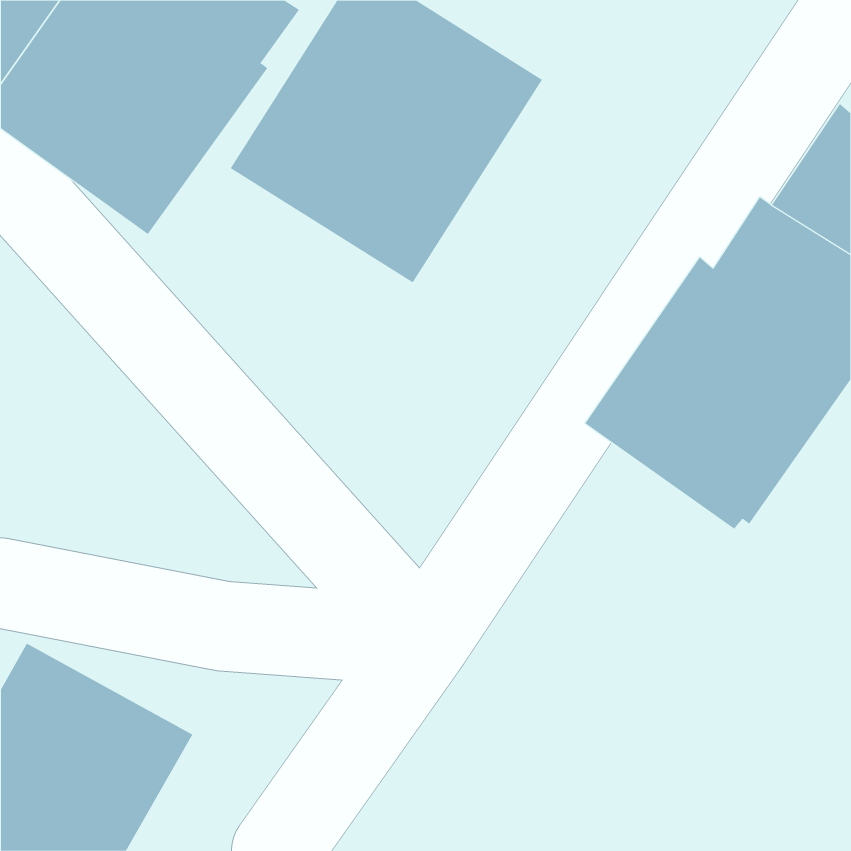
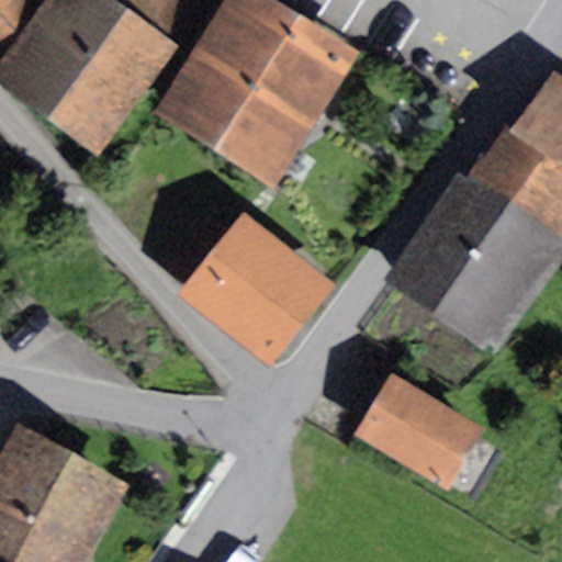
building: none -> [179,212,334,366]
building: none -> [356,372,485,490]

